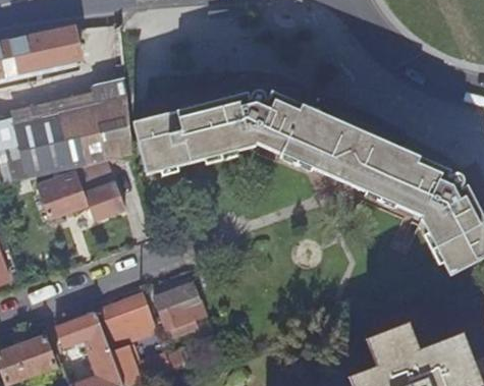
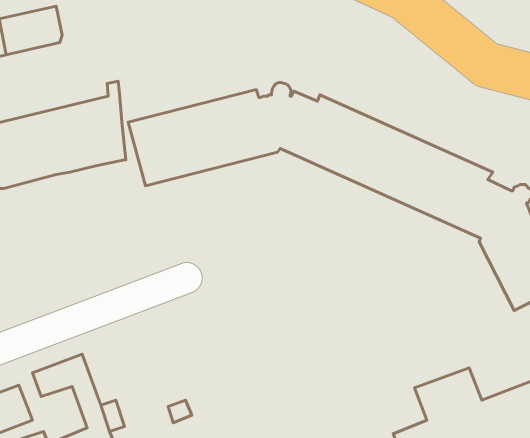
building: [36,157,124,217] -> none
building: [152,279,204,328] -> none
building: [101,293,149,336] -> none

